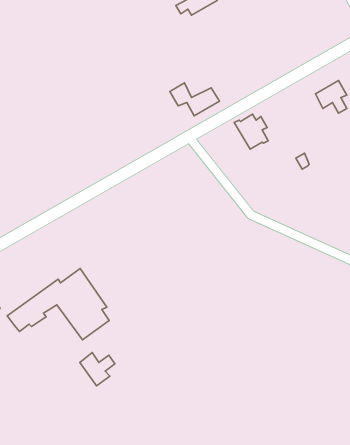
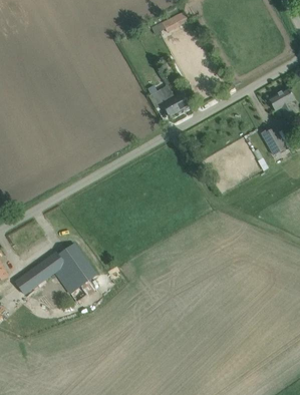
building: [234,114,268,149] -> [260,125,288,154]
building: [80,352,115,386] -> none

